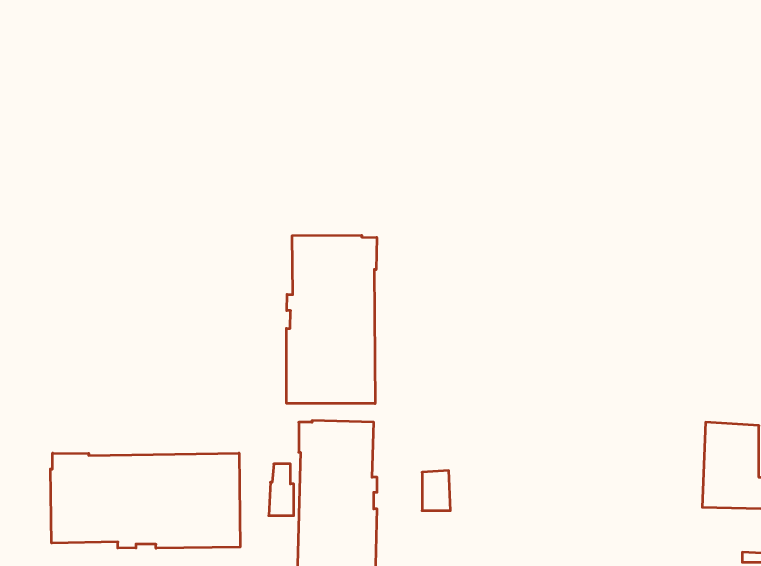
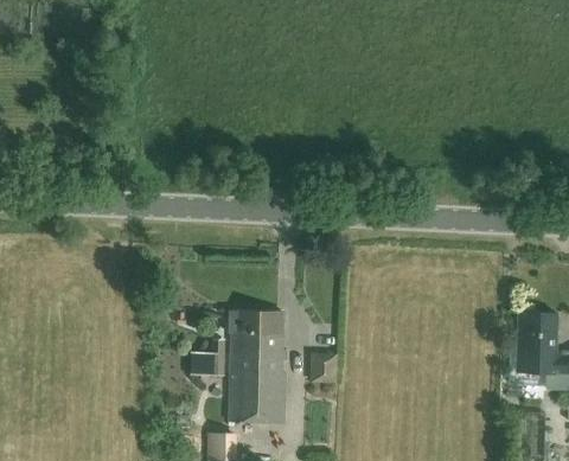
building: [286,235,377,404] -> none
building: [50,453,240,548] -> none

